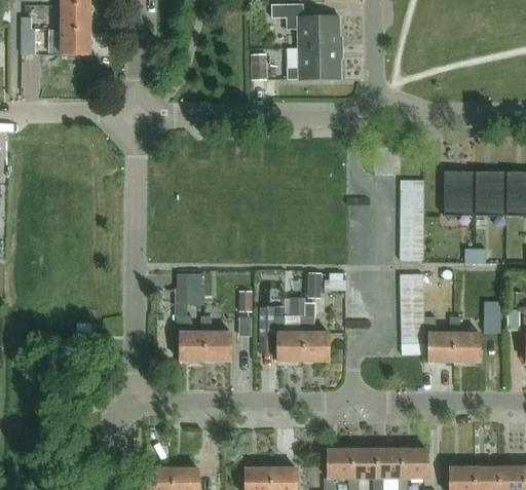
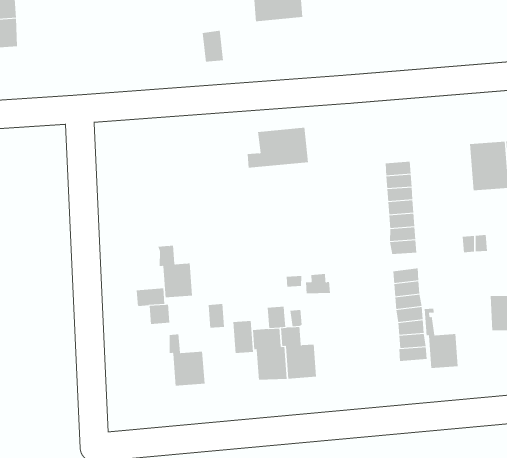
building: [287,47,340,79] -> [247,127,309,168]
building: [445,168,476,210] -> none
building: [176,315,203,361] -> [158,245,193,298]
building: [449,316,479,362] -> none

